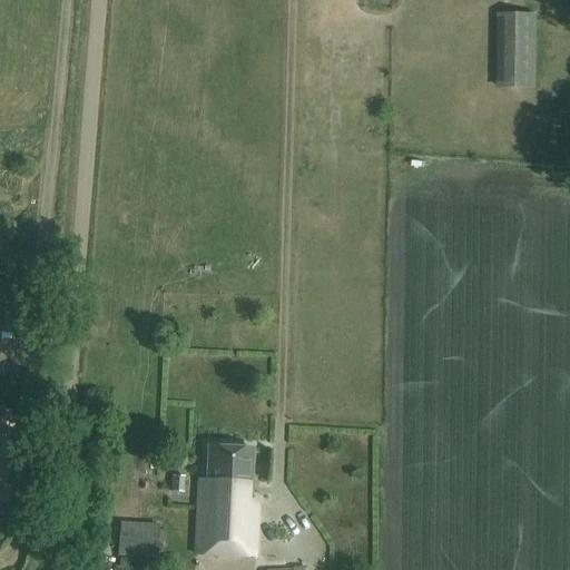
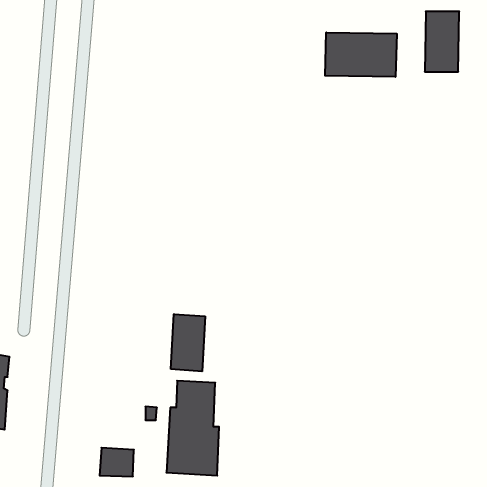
building: none -> [325,32,397,77]
building: none -> [171,314,205,371]

